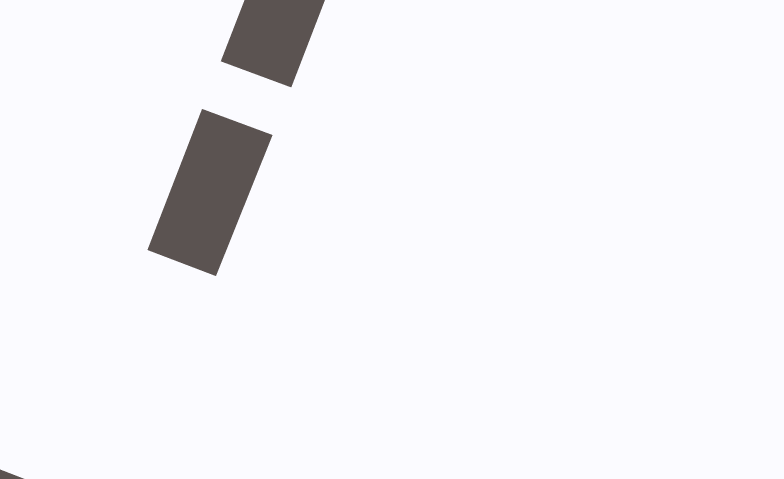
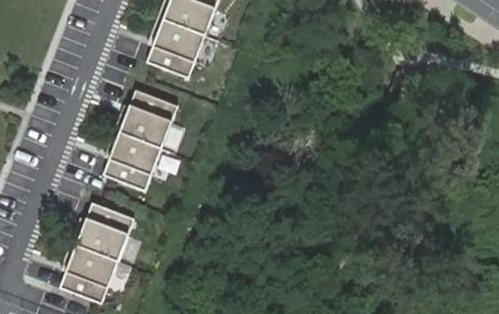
building: none -> [58,203,133,304]

